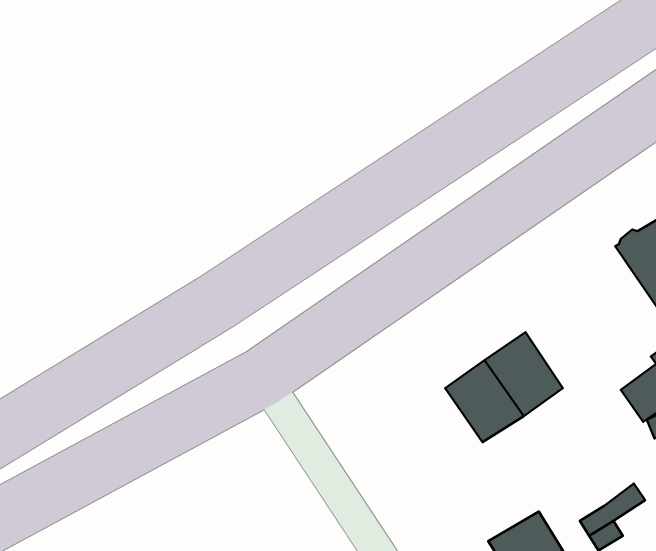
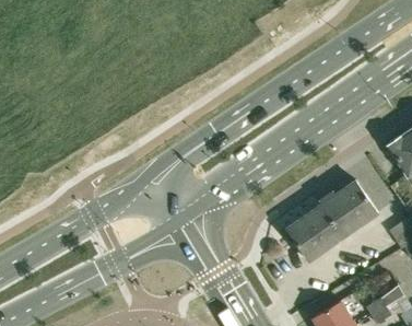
building: none -> [333,182,378,230]

